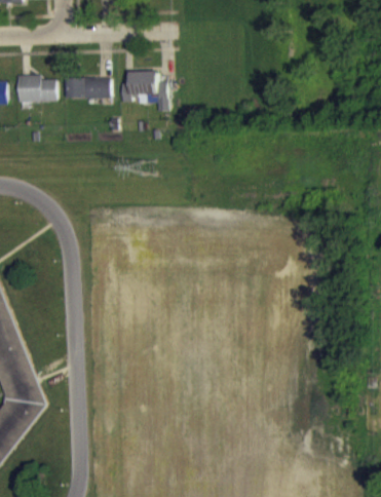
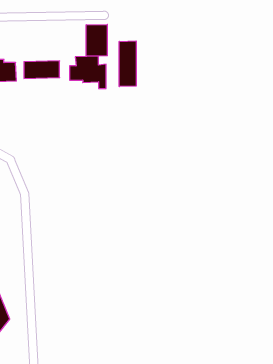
building: none -> [86,24,107,56]
building: none -> [119,41,136,87]

